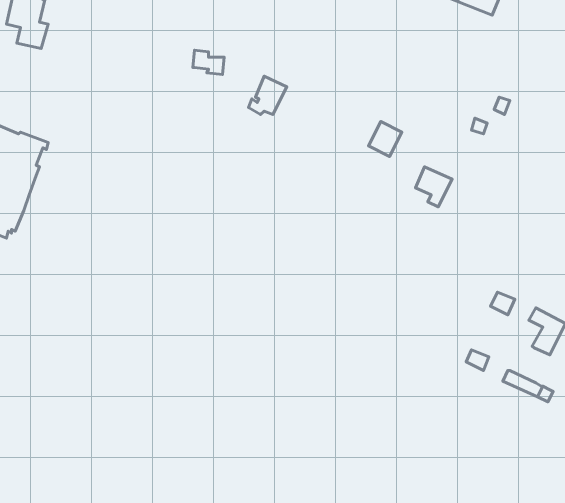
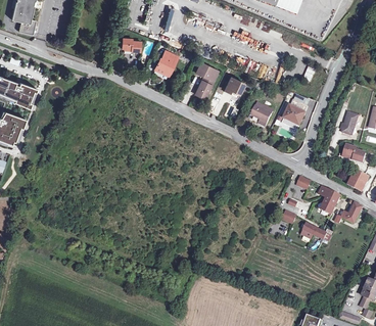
building: none -> [195,60,218,96]
building: none -> [282,97,308,128]

